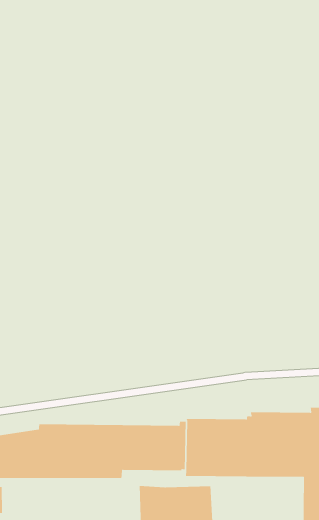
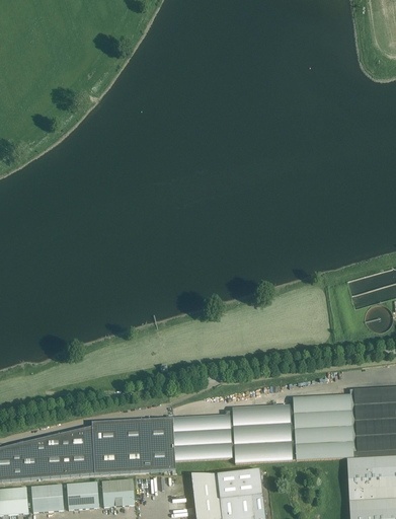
building: none -> [101,477,134,506]
building: none -> [66,480,98,509]

